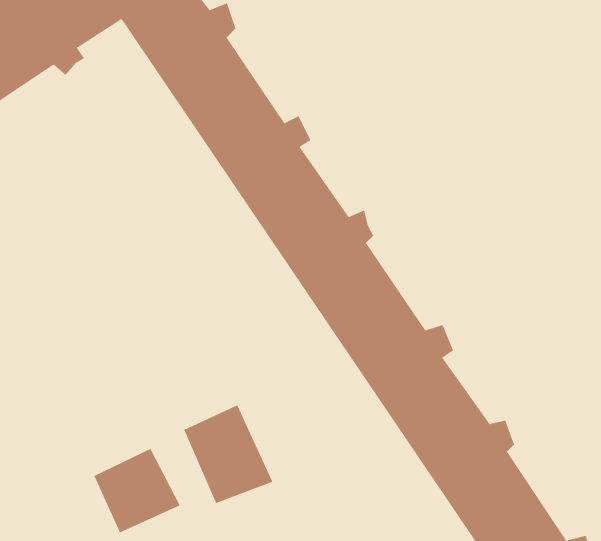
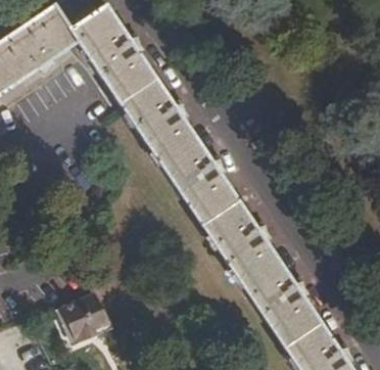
building: [183,405,273,504] -> none

